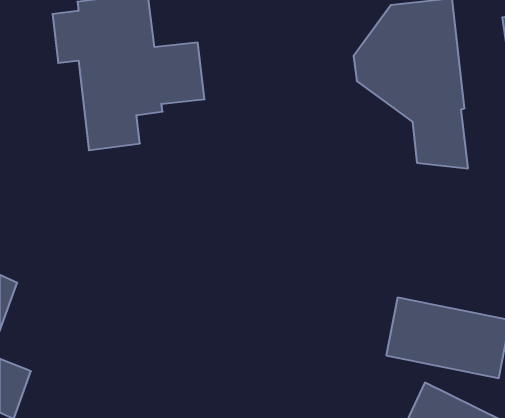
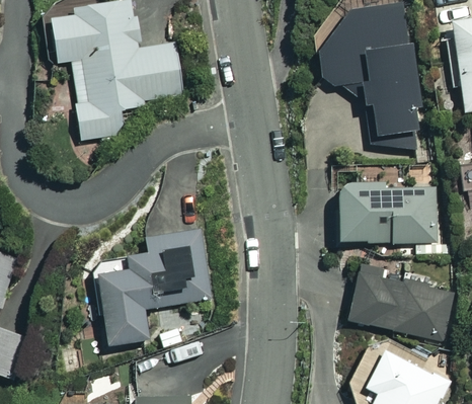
building: none -> [337,181,439,242]
building: none -> [96,231,217,344]

